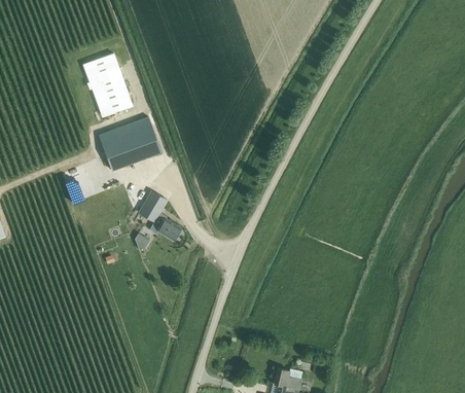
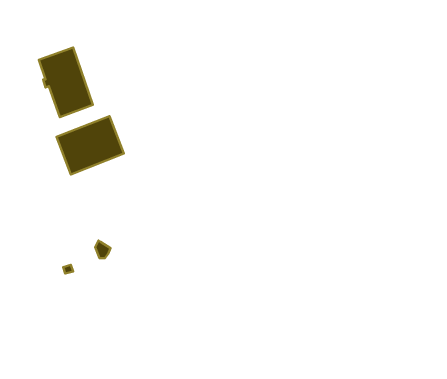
building: [136,189,181,240] -> none

